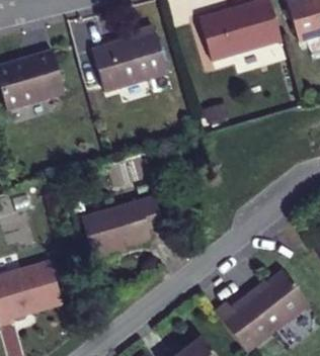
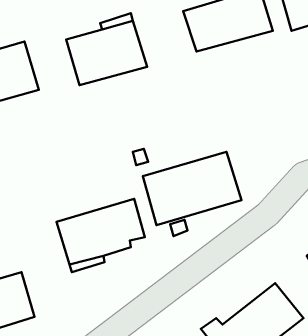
building: none -> [143,152,241,225]

